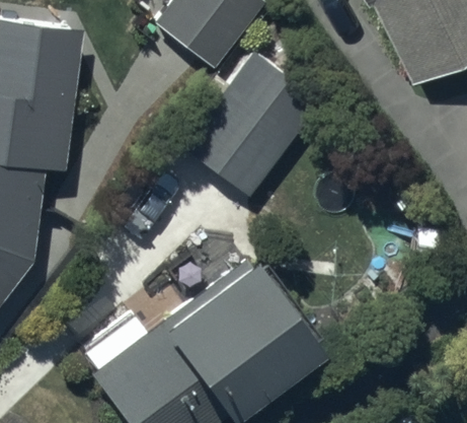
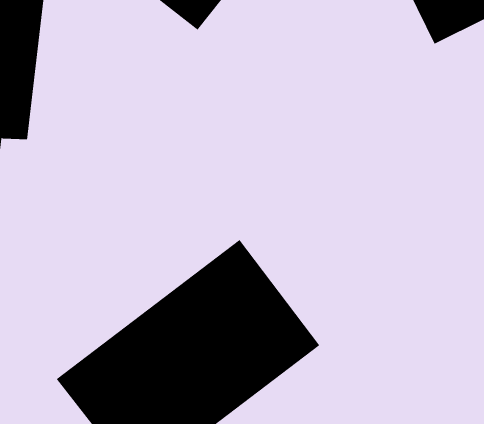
building: [171,53,324,201] -> none

